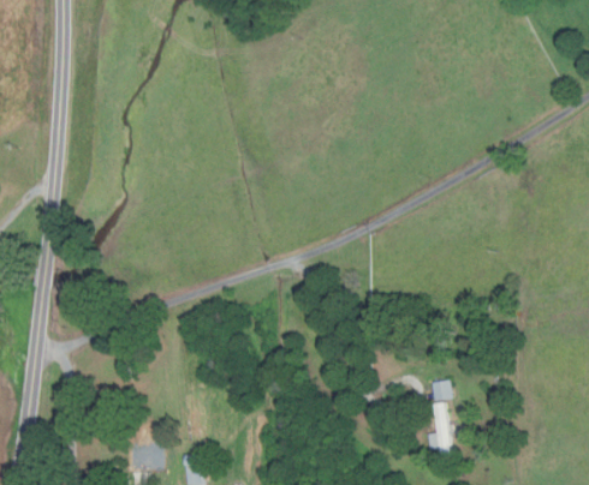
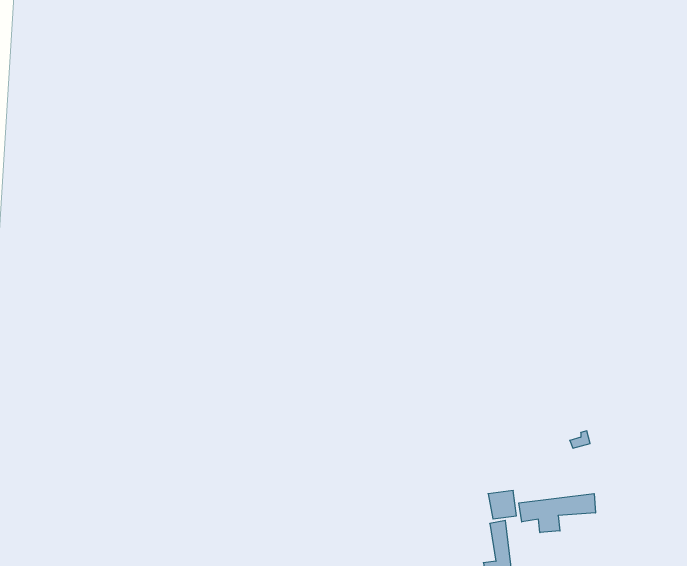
building: none -> [519,494,595,533]

